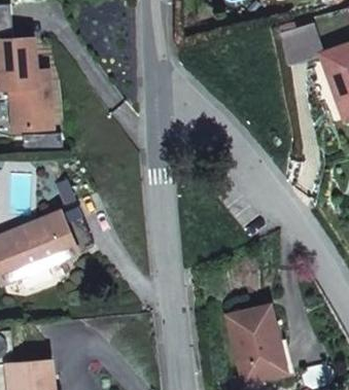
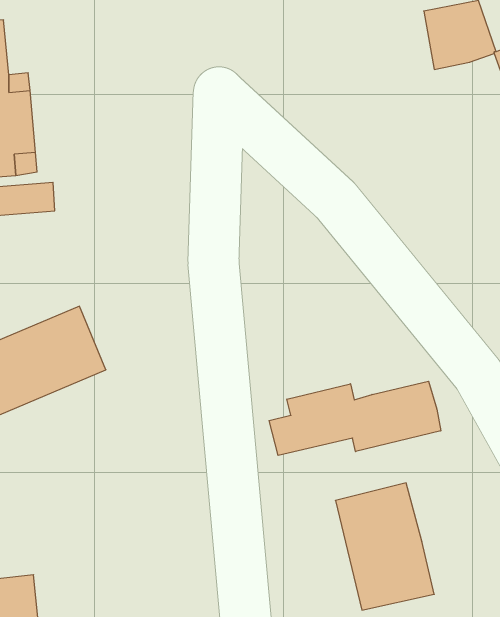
building: none -> [269,381,441,455]

